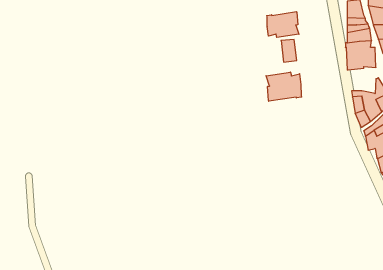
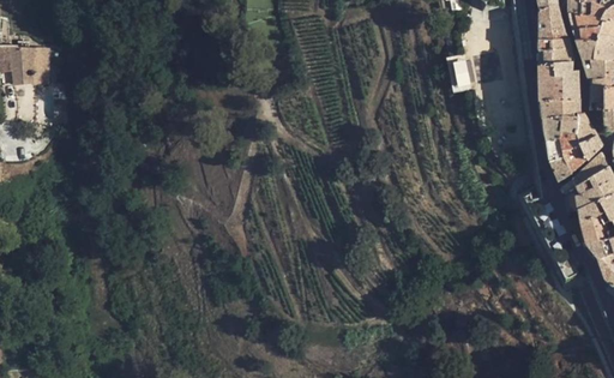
building: [267,12,299,37] -> none
building: none -> [541,96,580,133]
building: [266,72,302,101] -> none

